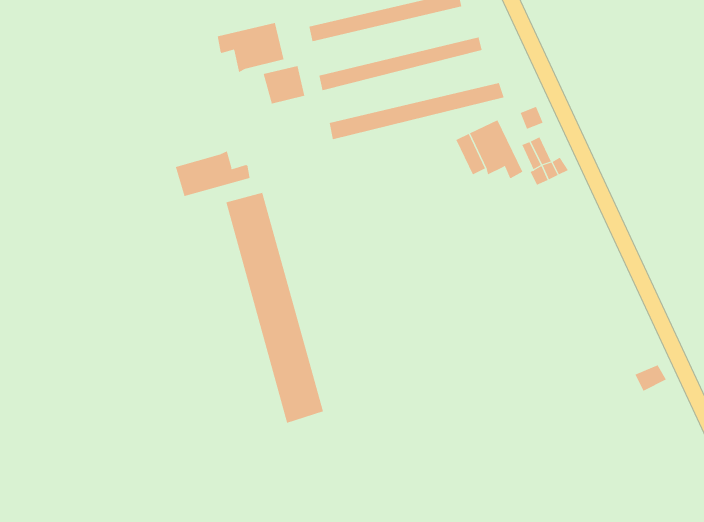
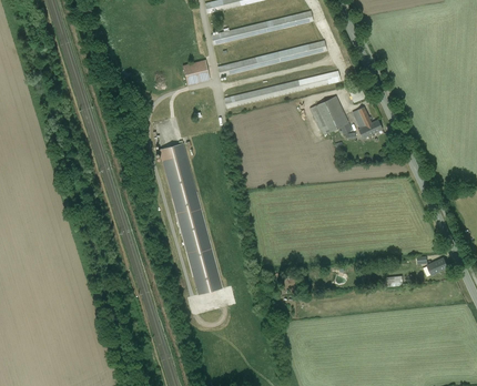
building: [217,22,284,73] -> none
building: [175,150,250,197] -> none

